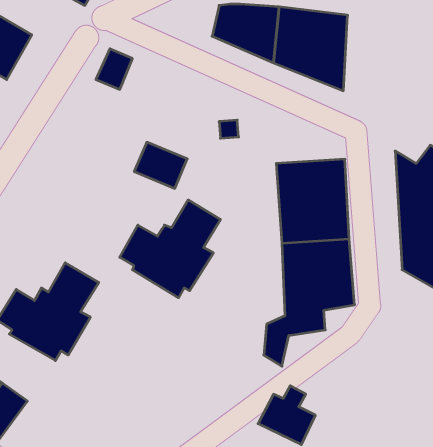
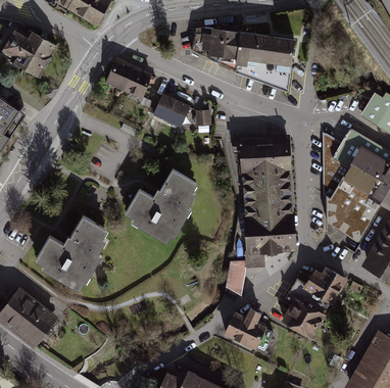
building: none -> [124,67,151,97]
building: [134,142,187,188] -> [153,96,192,130]
building: none -> [282,266,345,336]

